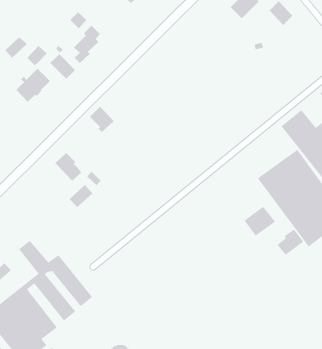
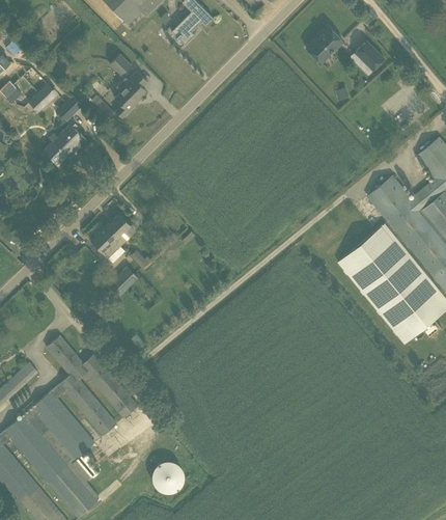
building: [49,54,76,79] -> none
building: [89,106,115,133] -> [104,214,135,247]
building: [243,206,276,236] -> none
building: [277,229,304,256] -> none

